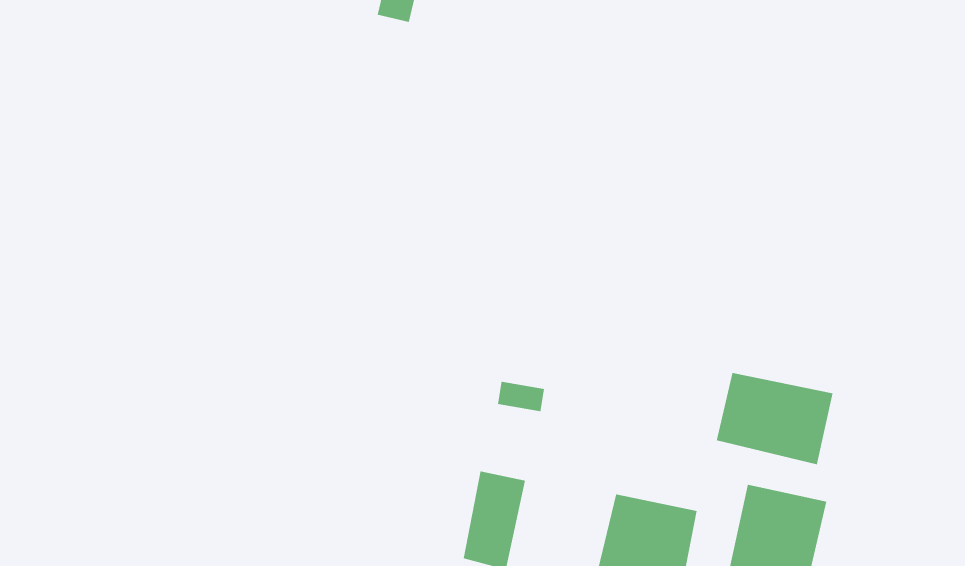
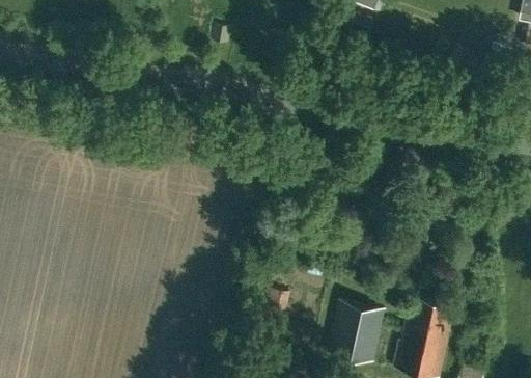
building: [716,372,833,465] -> none

